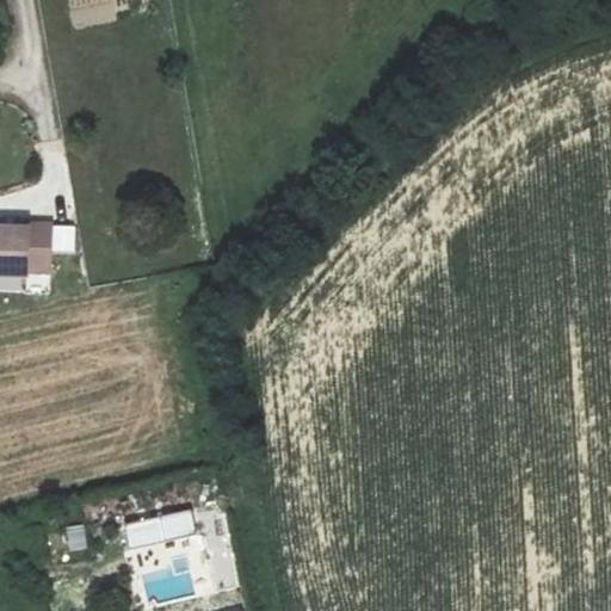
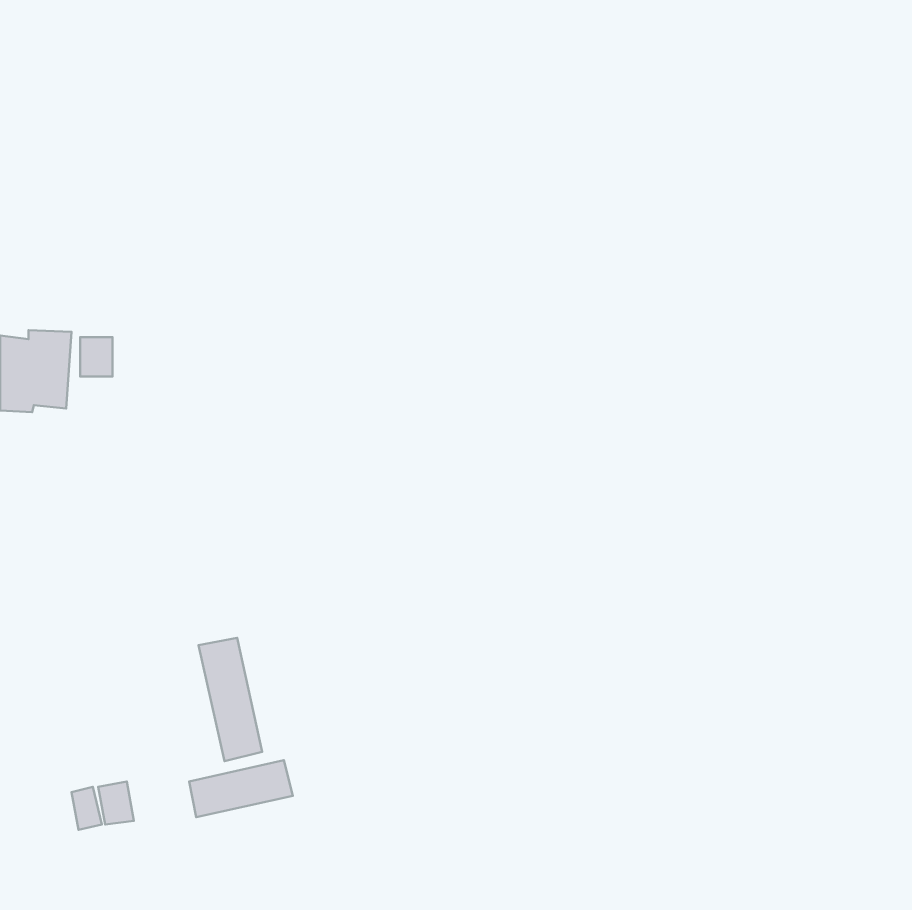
building: none -> [199,638,262,761]

